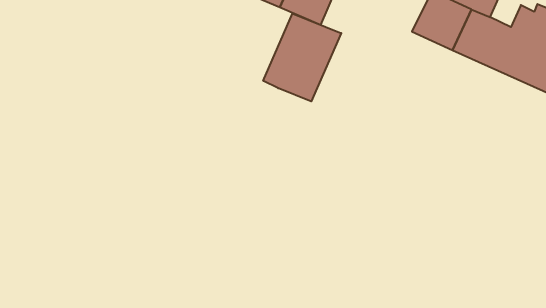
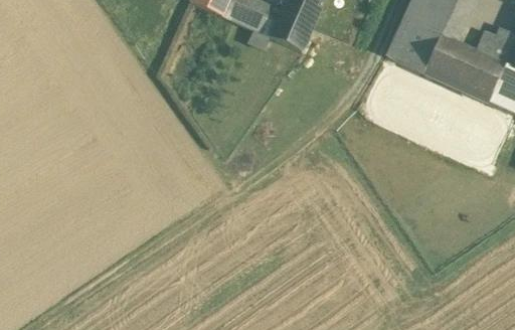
building: [263,14,341,101] -> none

